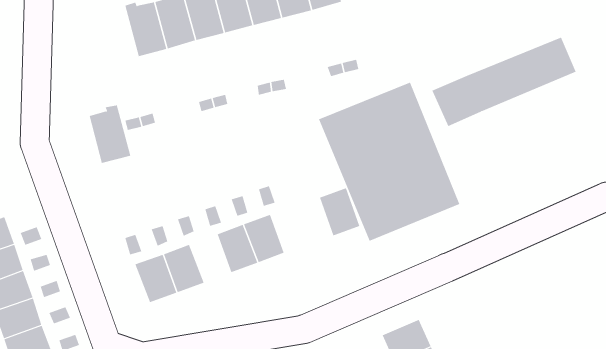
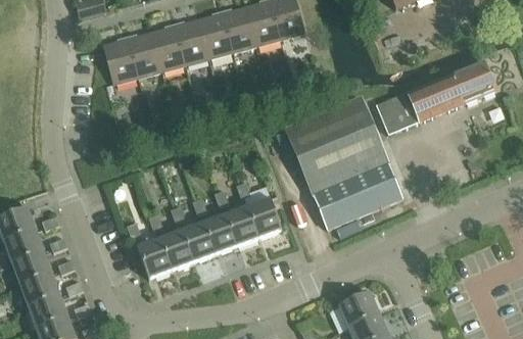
building: [89,105,131,163] -> [104,35,139,83]
building: [319,187,360,236] -> [247,197,281,237]
building: none -> [181,222,215,261]

